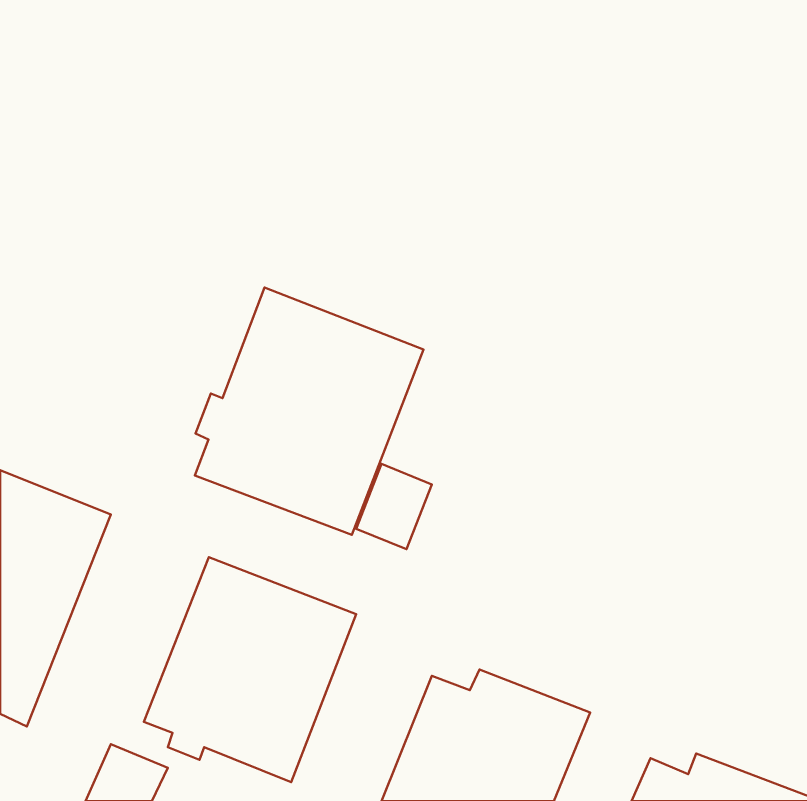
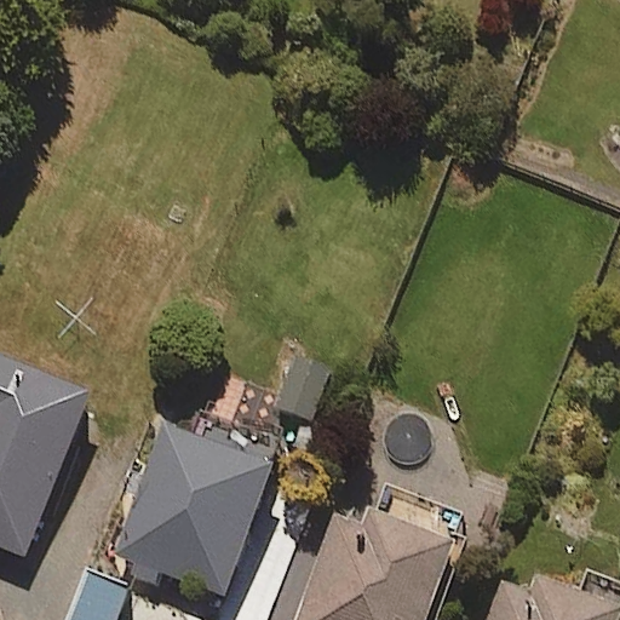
building: [195,288,424,535] -> none

